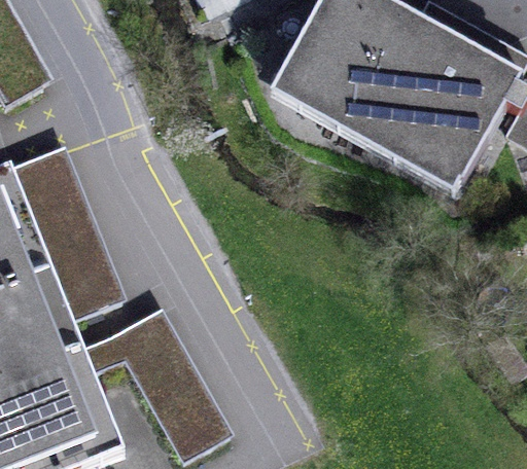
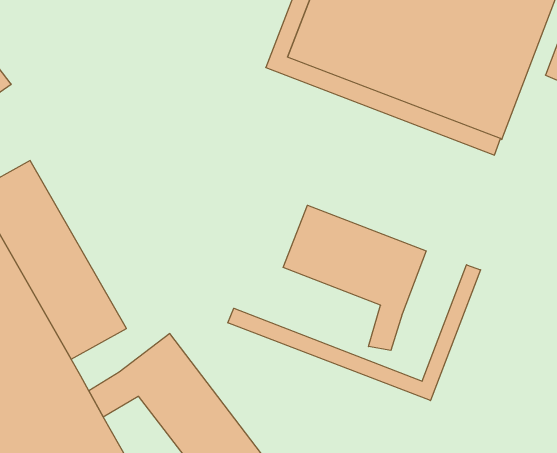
building: none -> [283,205,426,350]
building: none -> [228,265,481,401]

